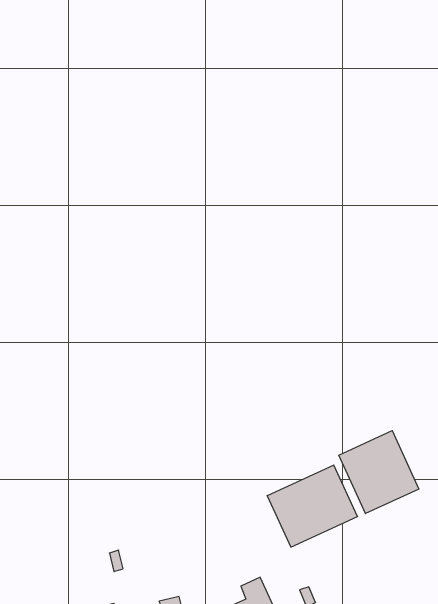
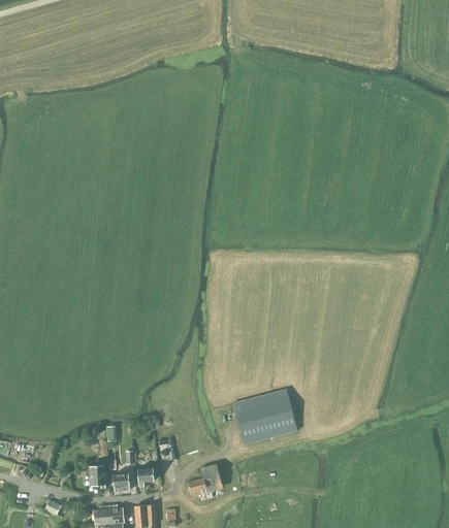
building: [339,431,419,514] -> none

